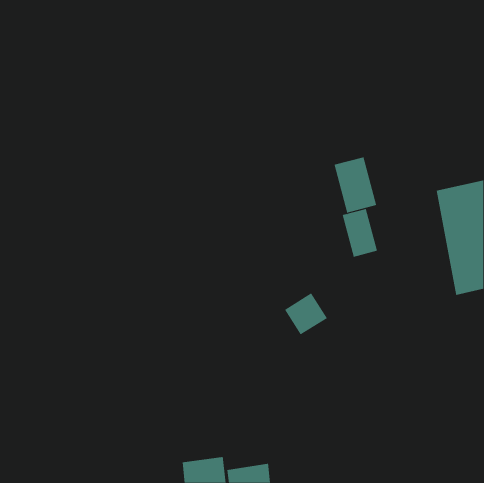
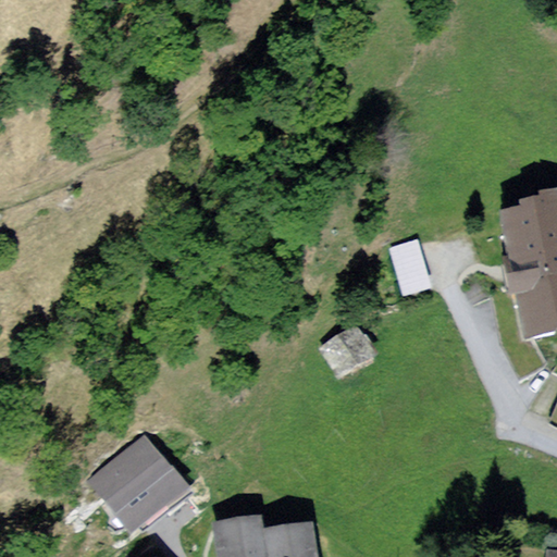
building: [334,156,377,214] -> none
building: none -> [83,429,185,529]

